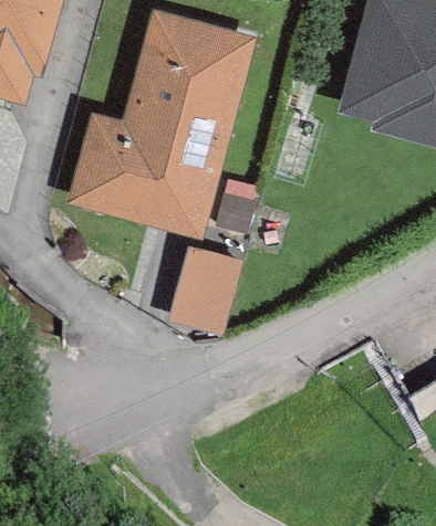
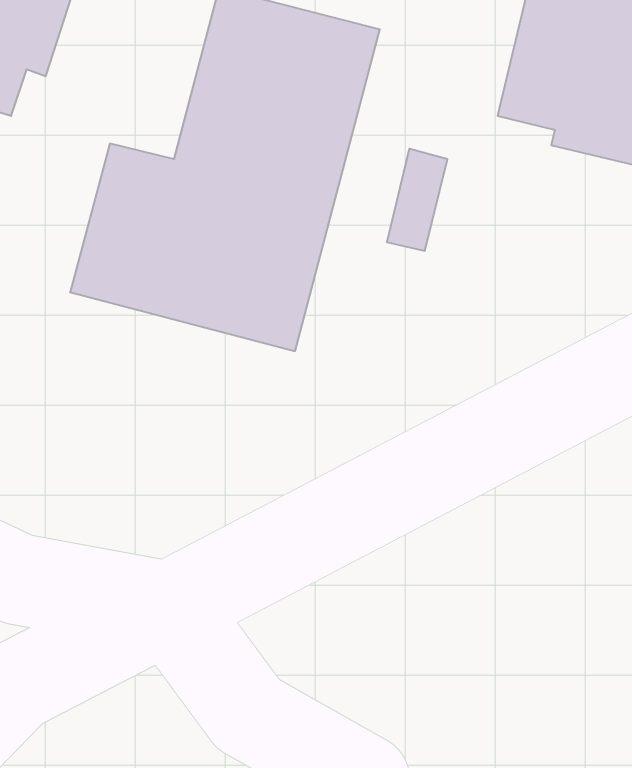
building: [159,244,229,330] -> none

